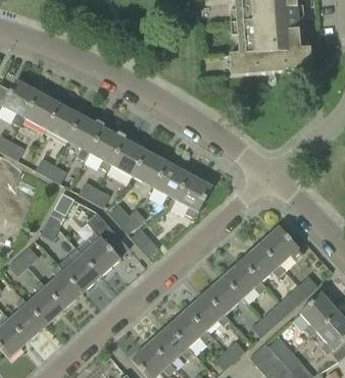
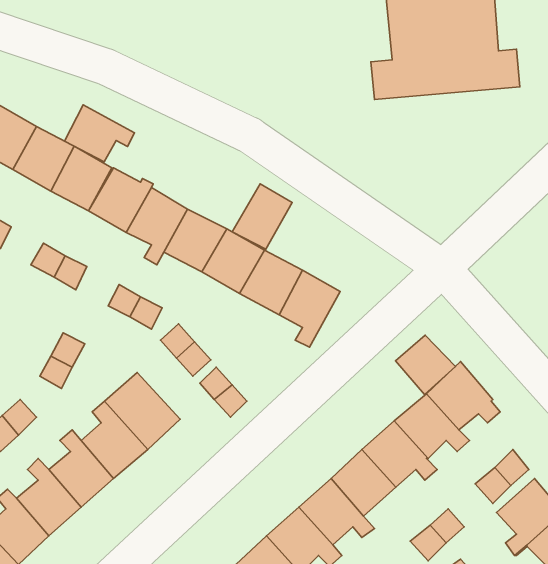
building: none -> [64,105,135,162]
building: none -> [232,184,292,249]
building: none -> [395,335,455,394]

